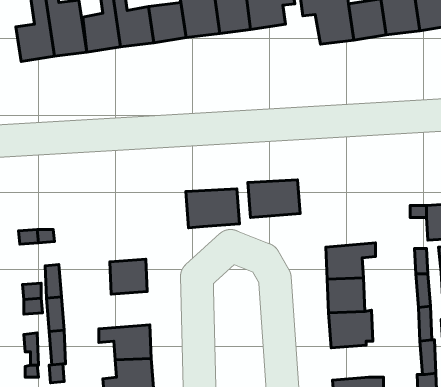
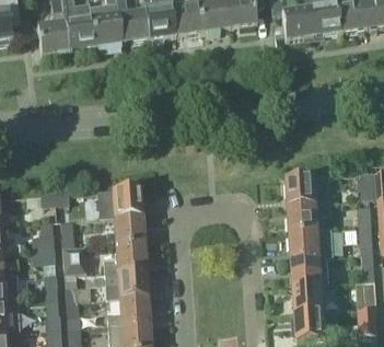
building: [248,180,300,217] -> [287,174,329,205]
building: [186,189,239,228] -> [98,186,142,218]
building: none -> [103,241,146,271]
building: none -> [293,285,324,313]

